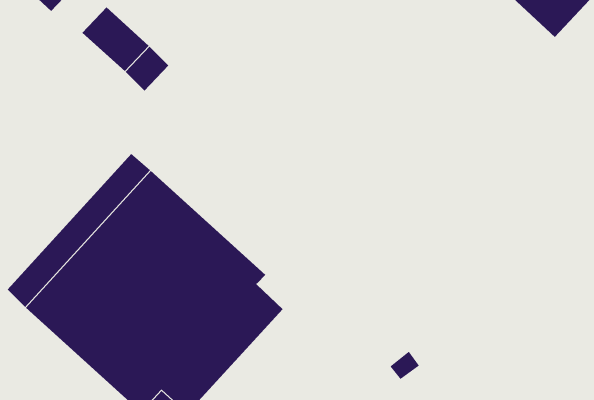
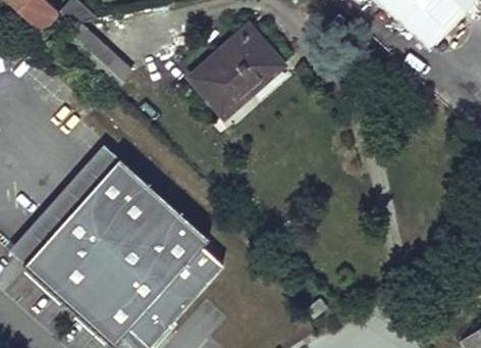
building: none -> [192,30,280,115]

